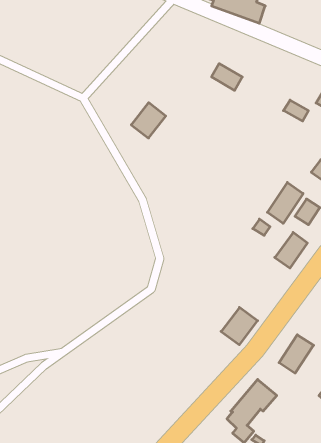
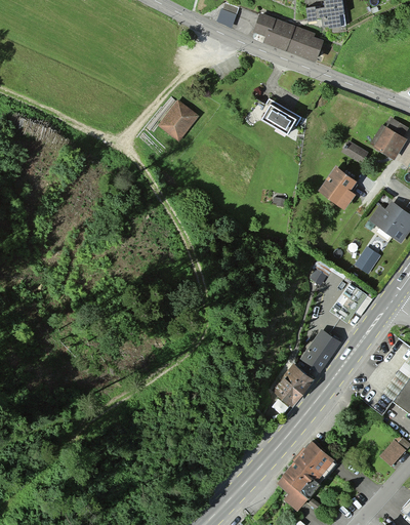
building: [131,103,166,138] -> [160,100,197,138]
building: none -> [321,166,356,206]
building: [267,182,303,223] -> none
building: [279,335,314,373] -> [302,329,339,370]

